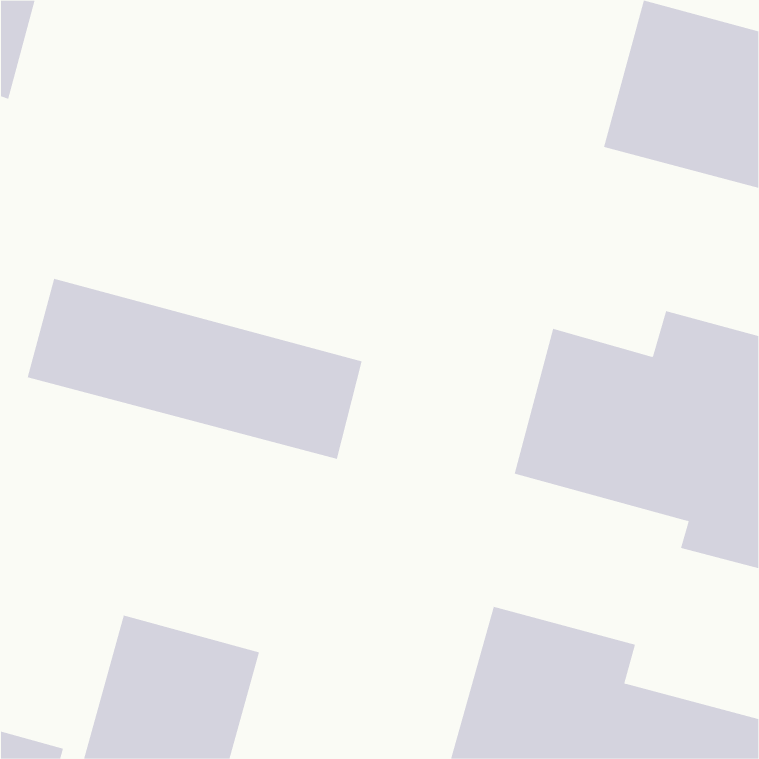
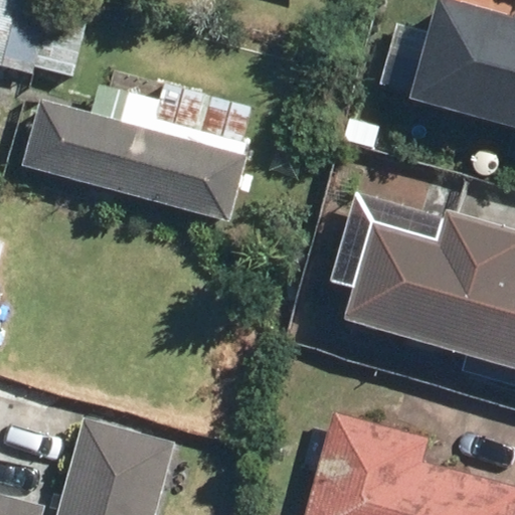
building: [27,278,363,459] -> [24,99,251,221]

